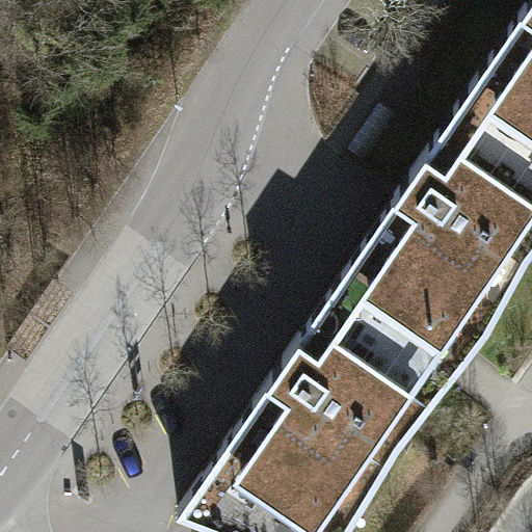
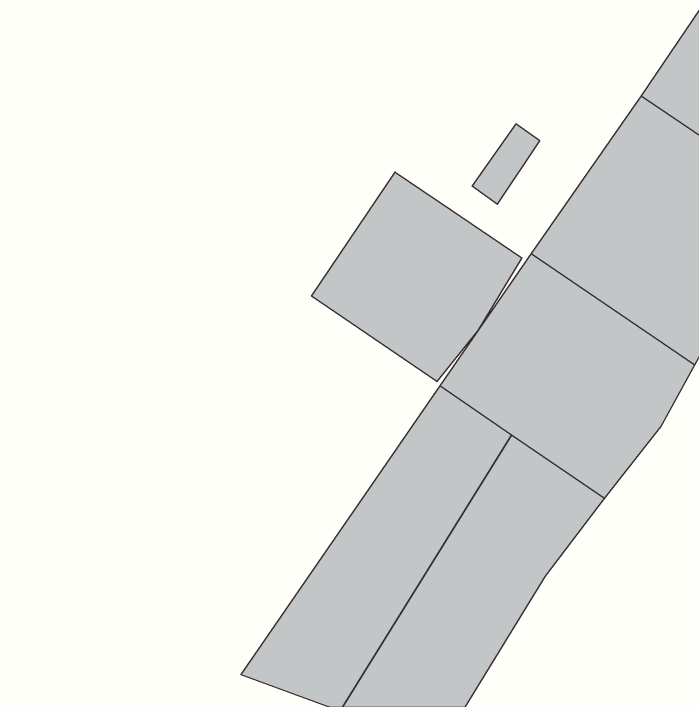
building: none -> [312,172,522,382]

